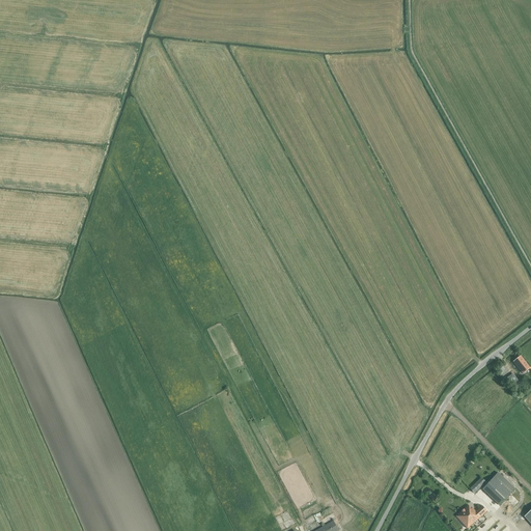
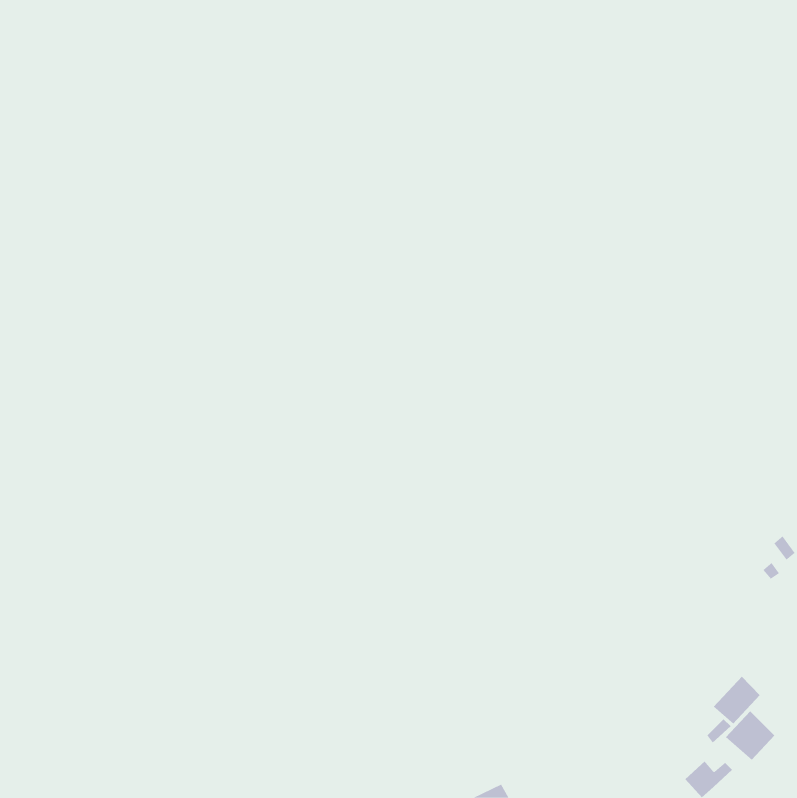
building: none -> [713,676,761,724]

